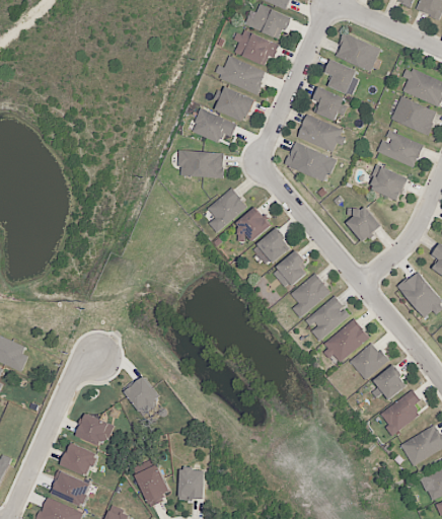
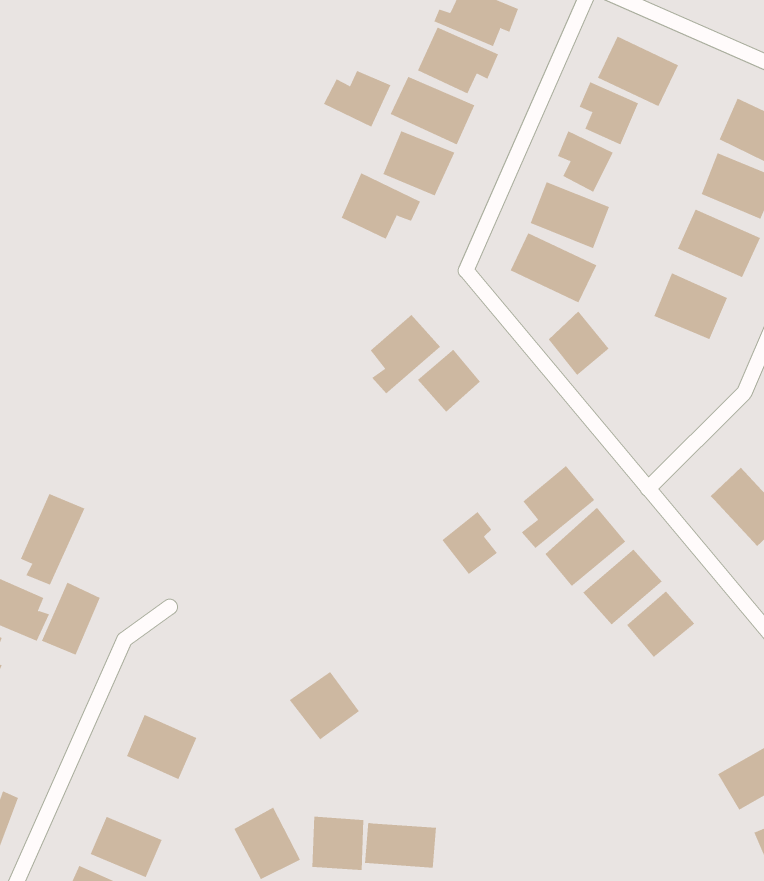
building: none -> [323,70,391,127]
building: [183,152,226,177] -> none
building: [346,206,380,242] -> [548,310,610,376]
building: [256,231,290,265] -> none
building: [276,251,307,287] -> [441,511,498,575]
building: none -> [20,493,85,586]
building: none -> [41,582,101,655]
building: [376,367,409,399] -> none
building: [119,372,158,411] -> [289,671,360,740]
building: [382,391,423,438] -> none
building: [58,441,97,475] -> none
building: none -> [365,822,437,868]

